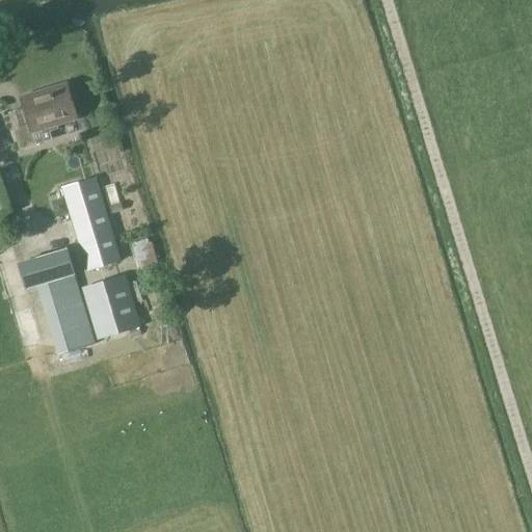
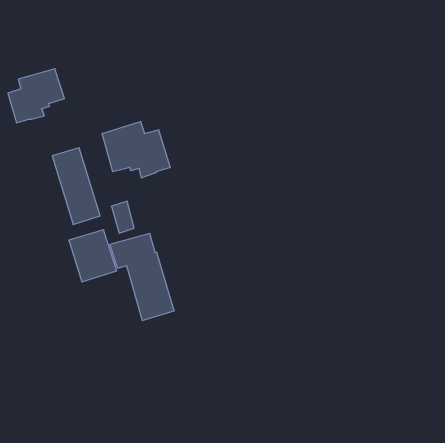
building: none -> [102,121,170,178]
building: [19,249,96,353] -> [110,233,174,320]

